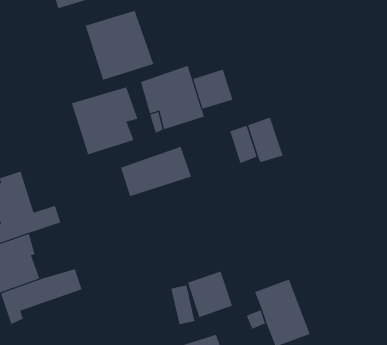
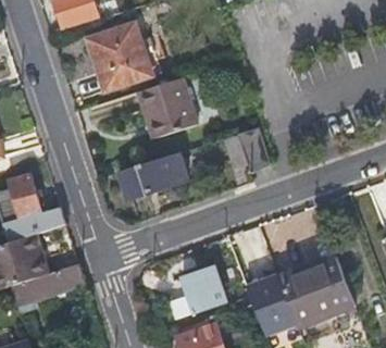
building: [192,69,233,110] -> none
building: [71,87,138,155] -> none
building: none -> [279,256,356,326]

